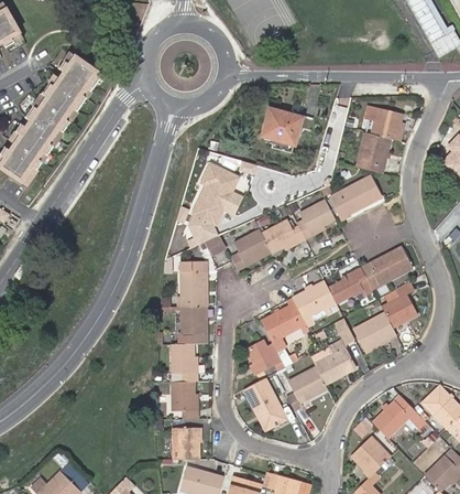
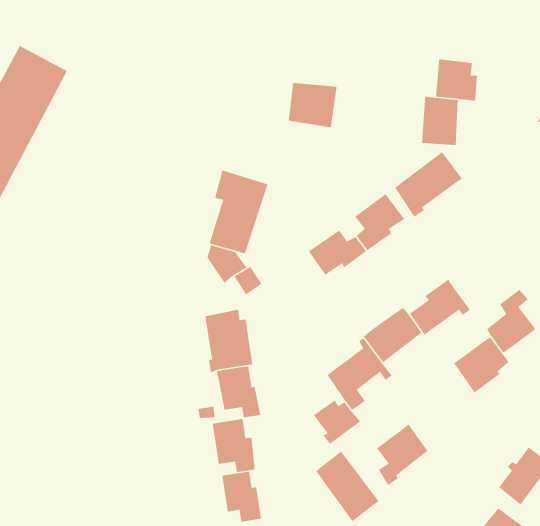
building: [232,229,271,268] -> none
building: [360,247,413,290] -> none
building: [314,341,355,385] -> none

